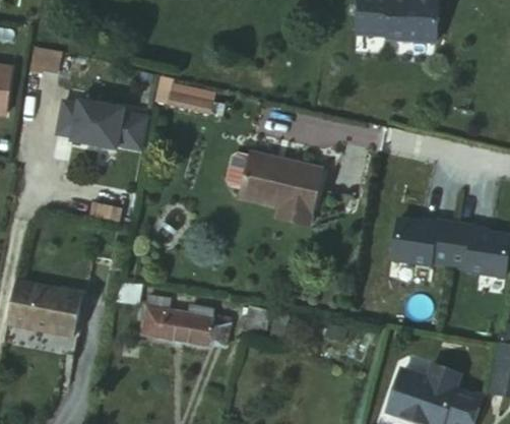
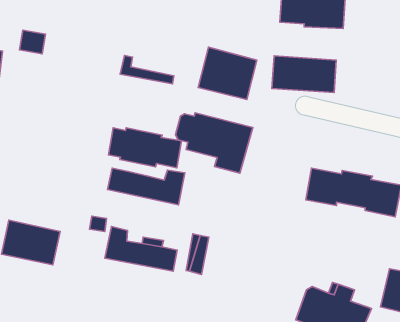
building: none -> [198,47,257,100]
building: none -> [272,56,336,92]
building: [59,101,150,150] -> [108,128,182,168]
building: none -> [107,168,185,205]

